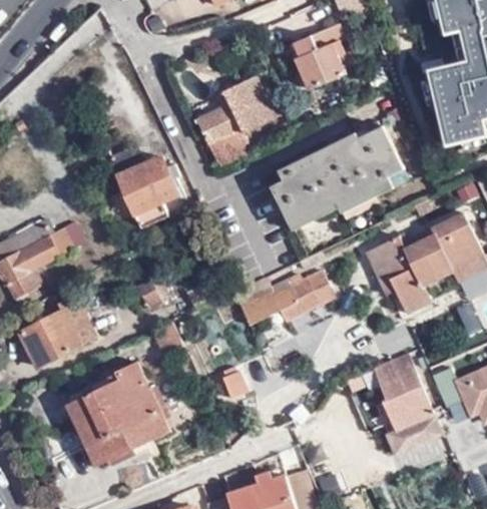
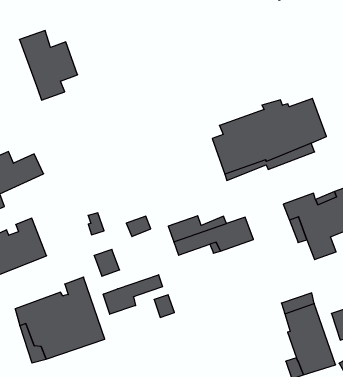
building: [295,25,347,91] -> none
building: [196,77,274,170] -> none
building: [106,145,177,226] -> [19,31,78,100]
building: none -> [103,275,163,314]

